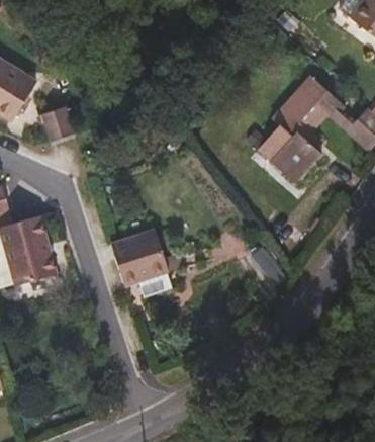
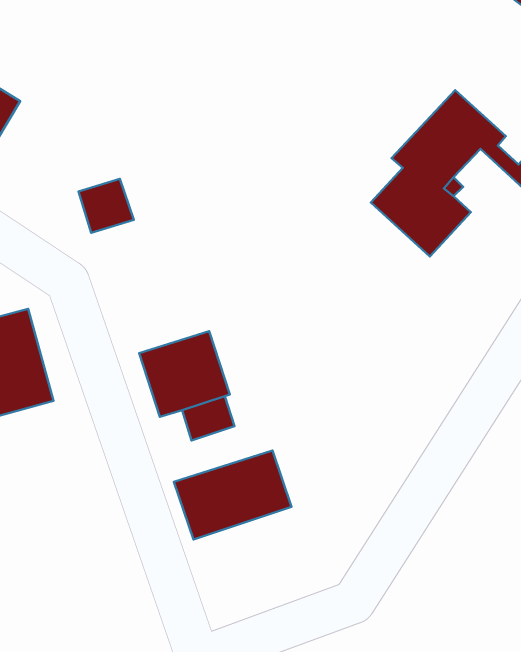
building: [39,106,75,141] -> [78,179,134,233]
building: none -> [174,450,292,540]

